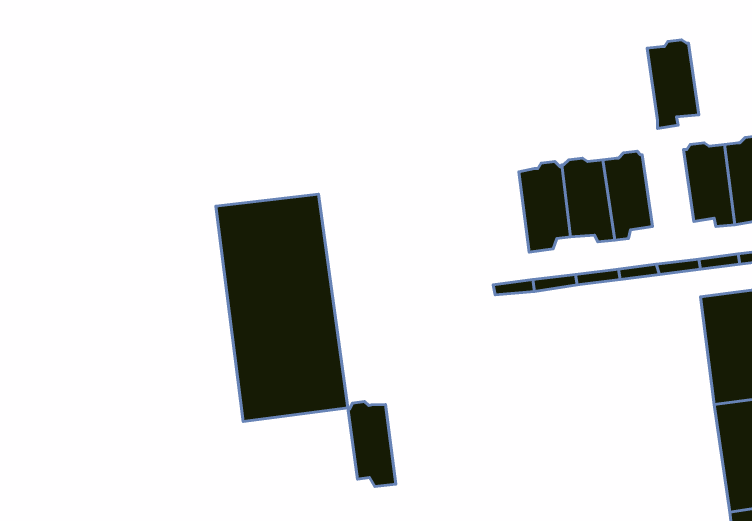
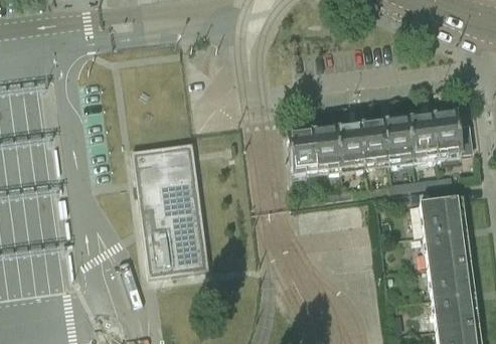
building: [647,40,699,129] -> [382,115,412,167]
building: none -> [287,128,316,178]
building: [348,401,396,487] -> none

